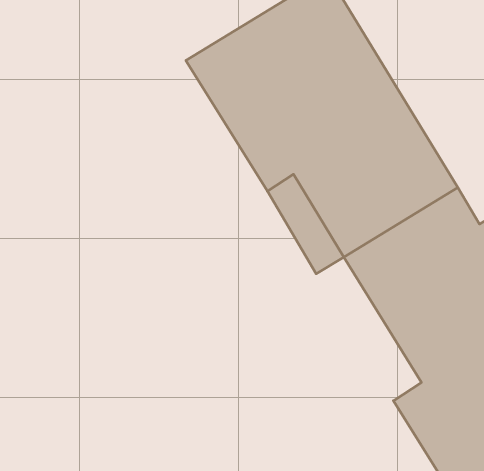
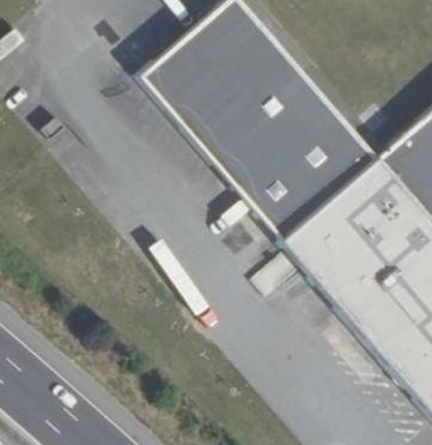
building: none -> [270,206,360,304]

